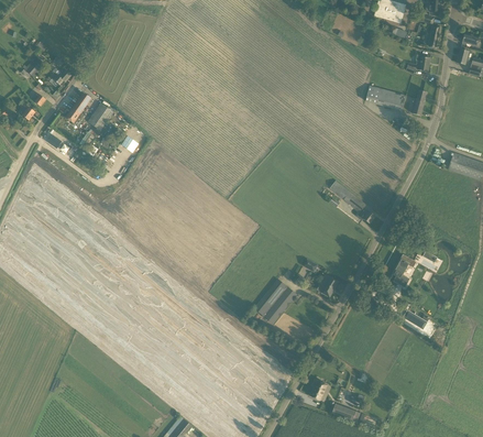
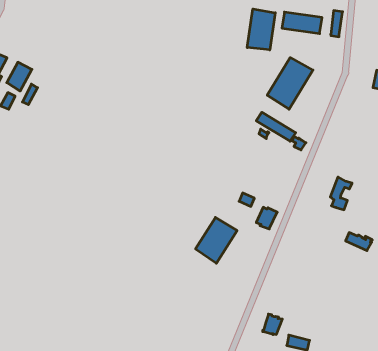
building: none -> [247,9,275,50]
building: none -> [267,58,313,109]

